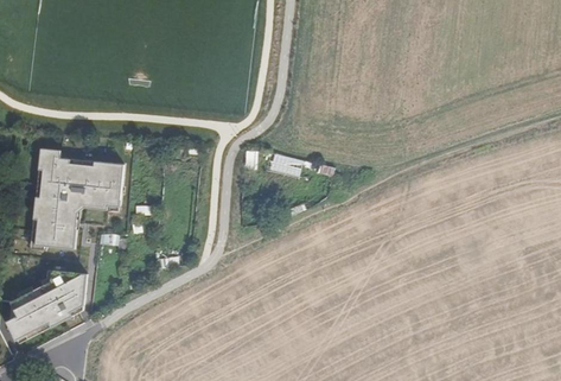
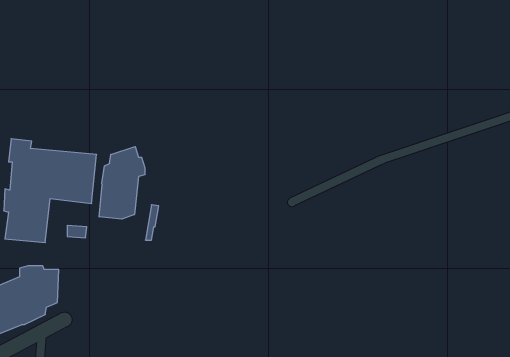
building: none -> [99,147,145,219]

